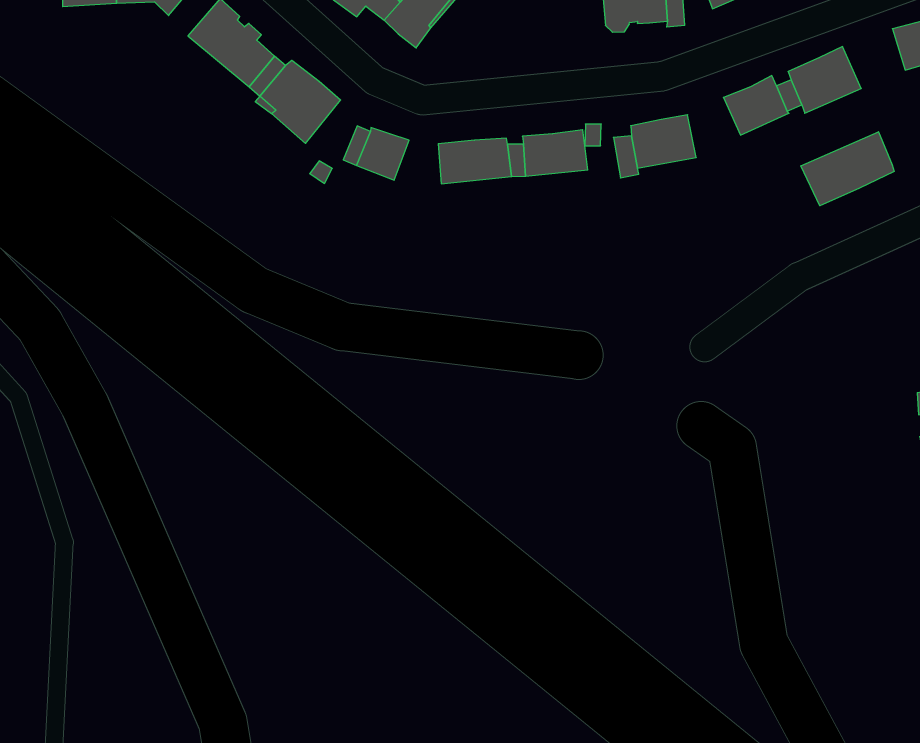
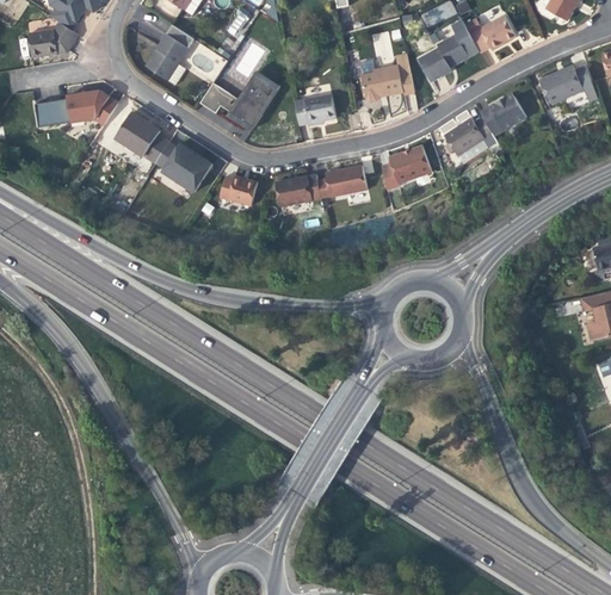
building: none -> [294,94,335,124]
building: [801,132,894,206] -> none

